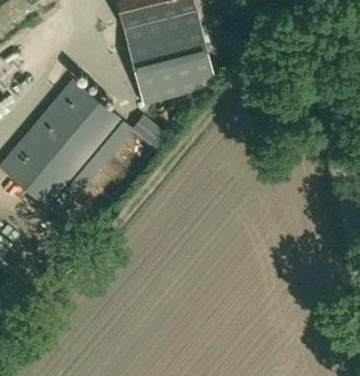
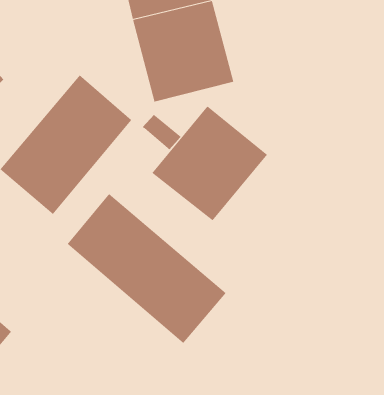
building: none -> [151,105,268,221]
building: none -> [67,193,227,344]

